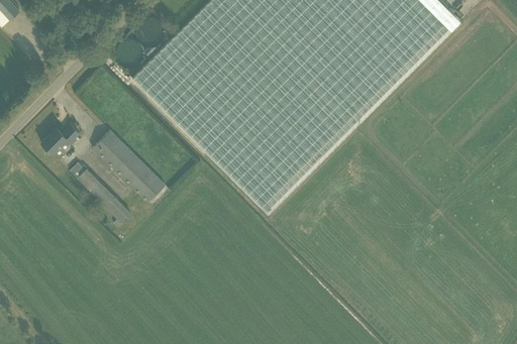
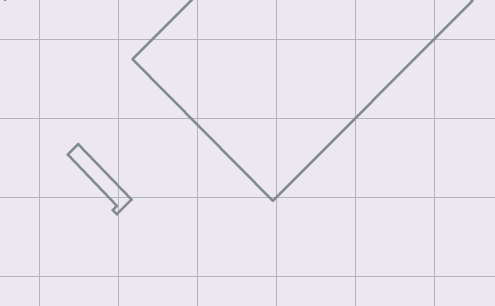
building: [40,125,80,155] -> none
building: [92,131,165,203] -> none

